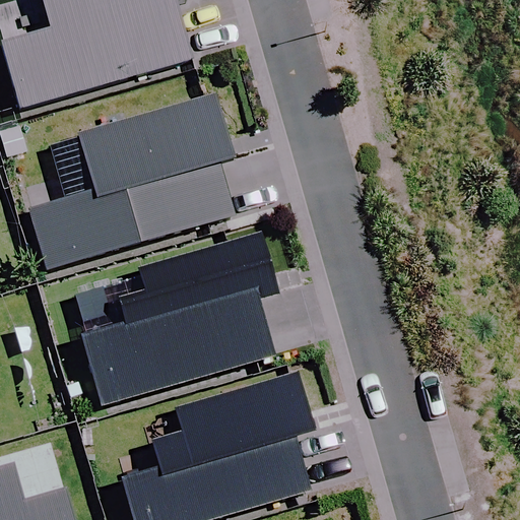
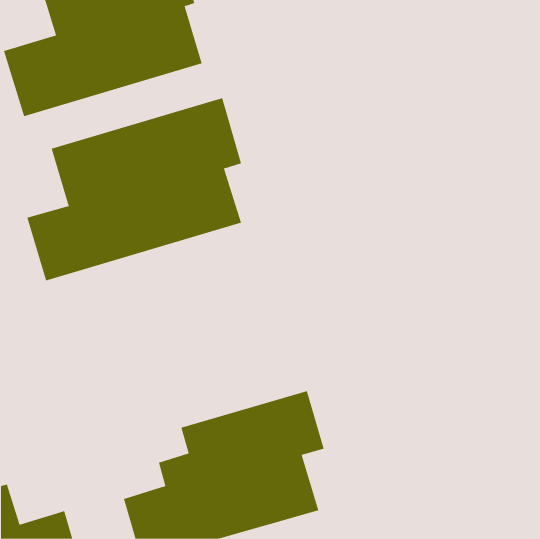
building: [80,234,276,404] -> none

